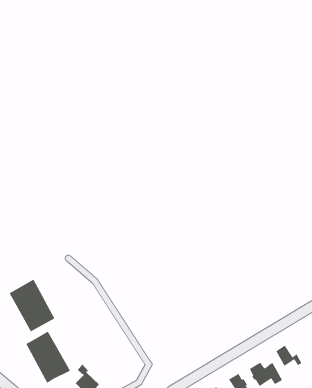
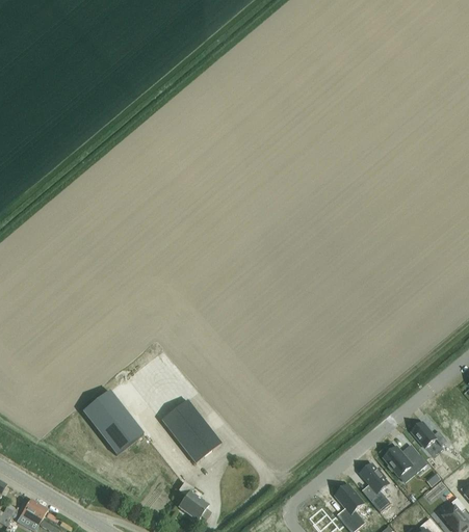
building: [25,331,71,384] -> [161,400,220,463]

